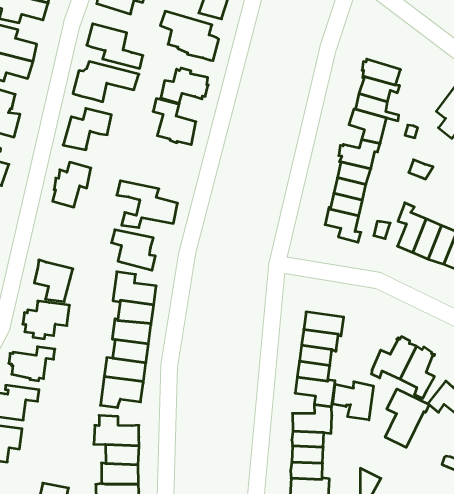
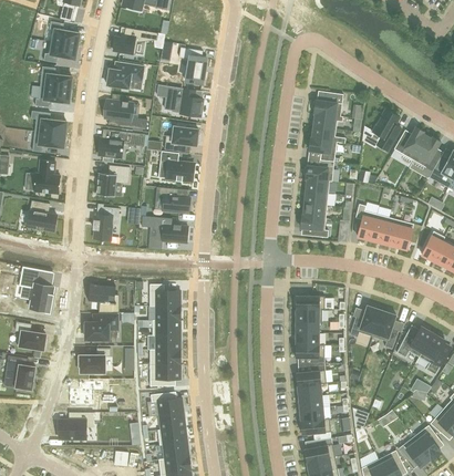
building: [111,230,155,270] -> [155,187,189,214]
building: [333,382,373,420] -> none
building: [385,389,429,447] -> none

